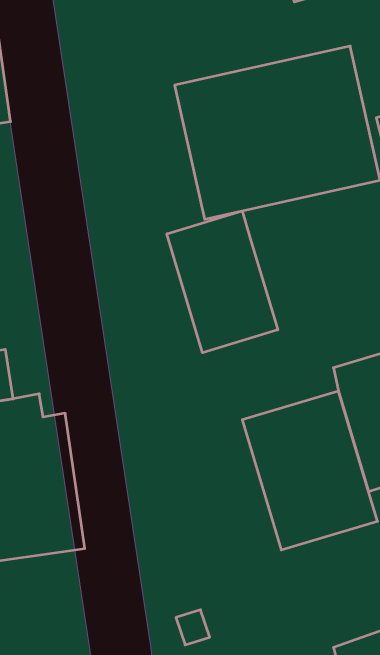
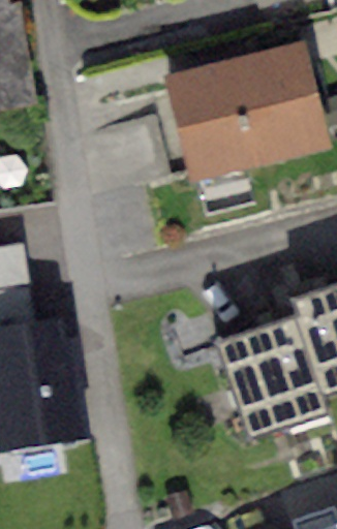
building: [167,211,278,353] -> none

